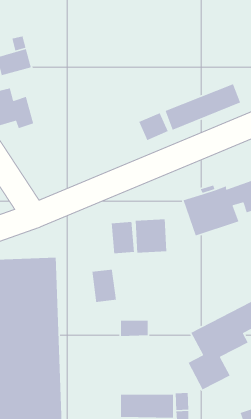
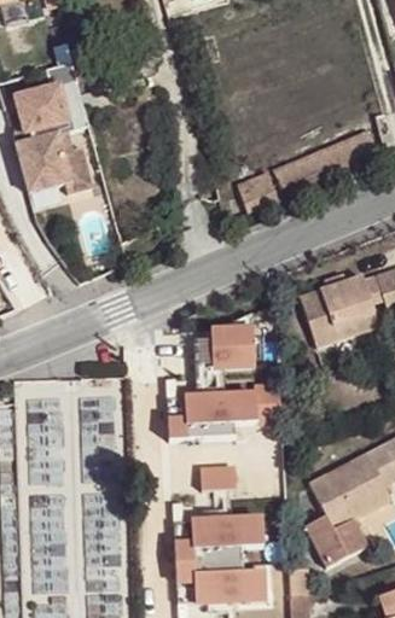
building: none -> [202,386,277,433]
building: none -> [188,512,281,575]

